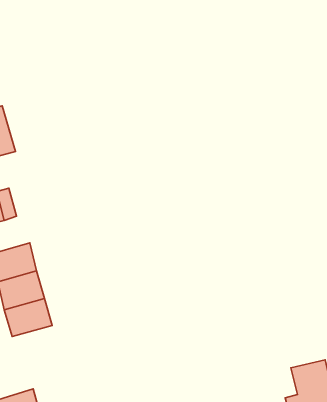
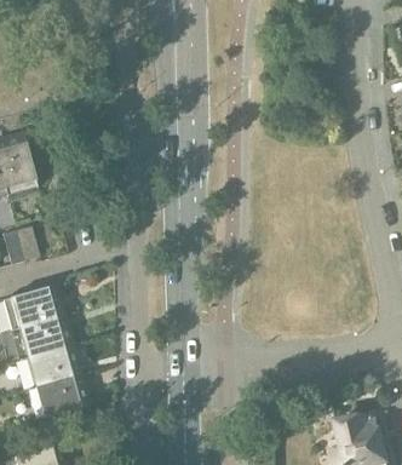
building: none -> [34,374,86,417]

